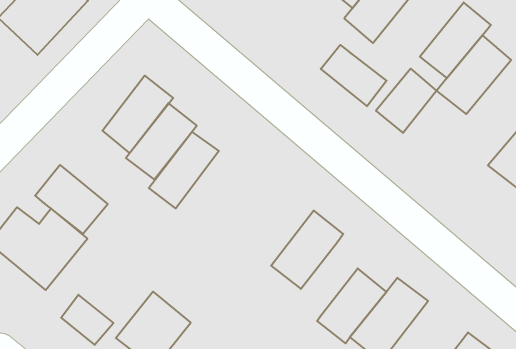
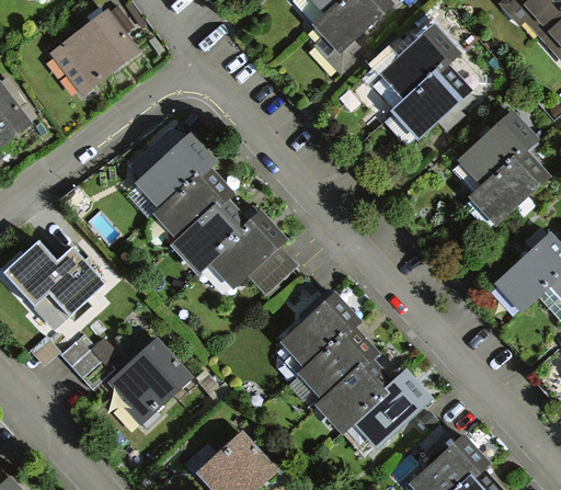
building: [321,45,387,106] -> none
building: [376,69,437,133] -> none
building: none -> [207,209,291,289]
building: [35,165,108,234] -> none
building: none -> [296,326,369,397]

